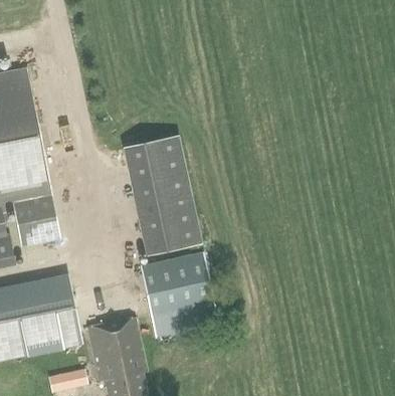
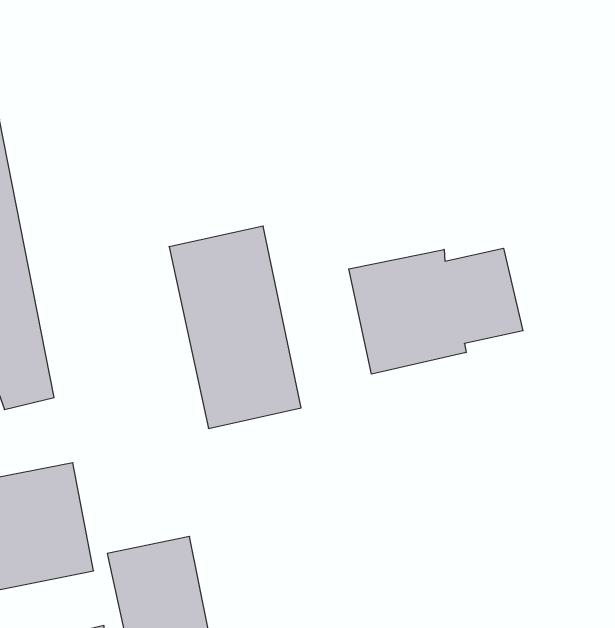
building: none -> [349,248,523,374]
building: [142,251,219,336] -> none

